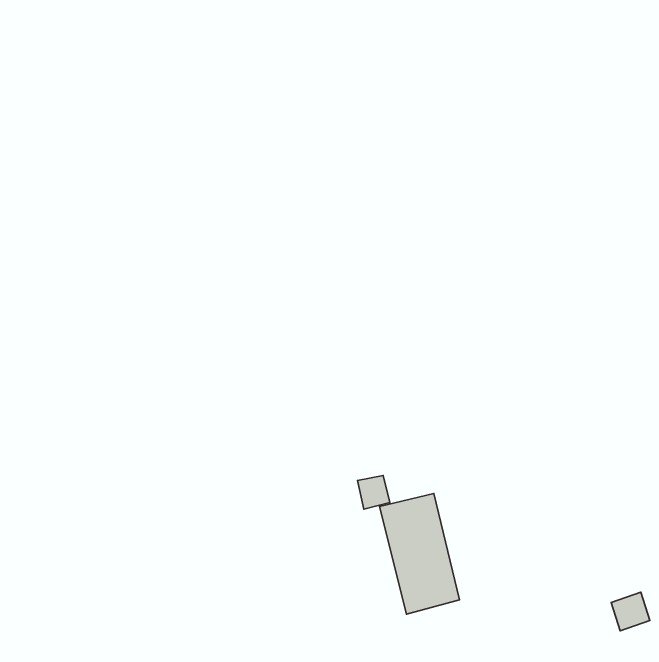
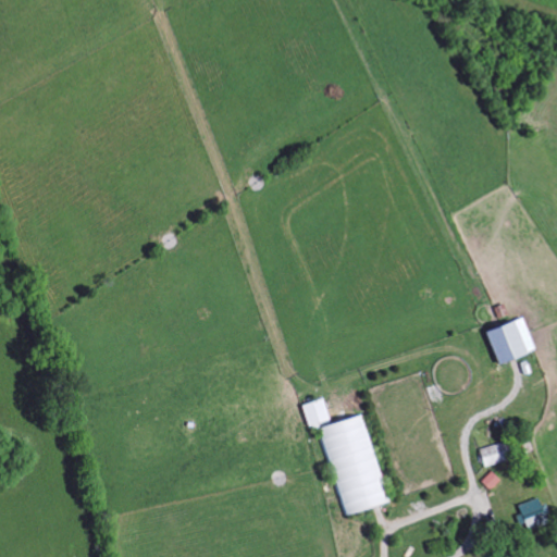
building: none -> [484,317,535,364]
building: none -> [480,444,507,467]

